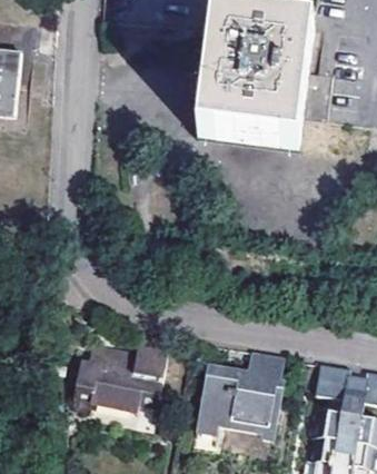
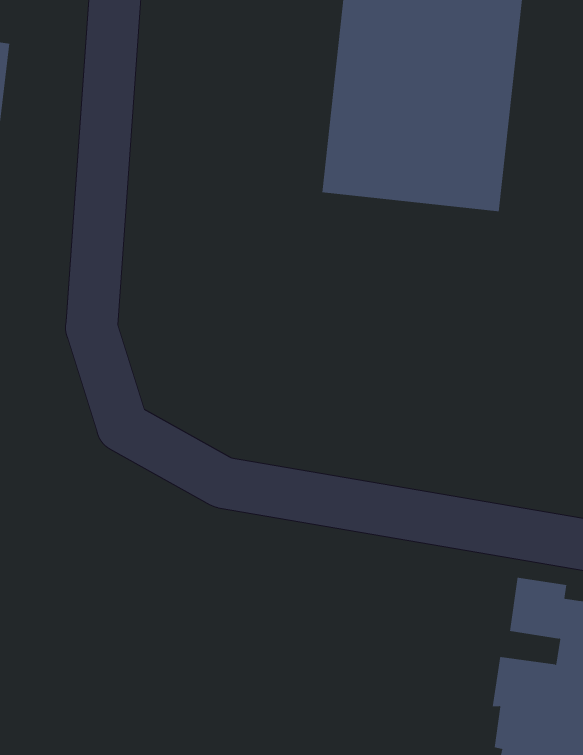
building: [67,339,162,415] -> none
building: [191,350,279,435] -> none

